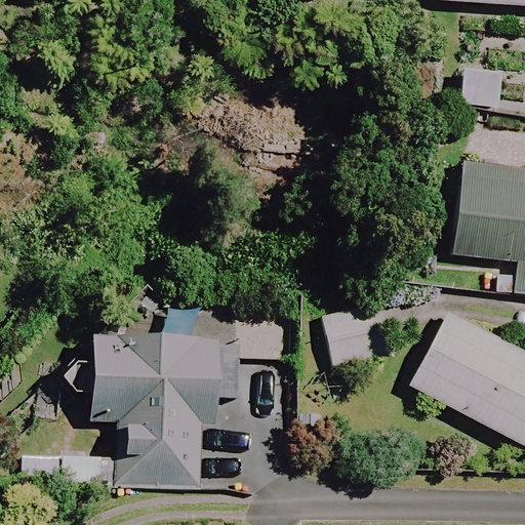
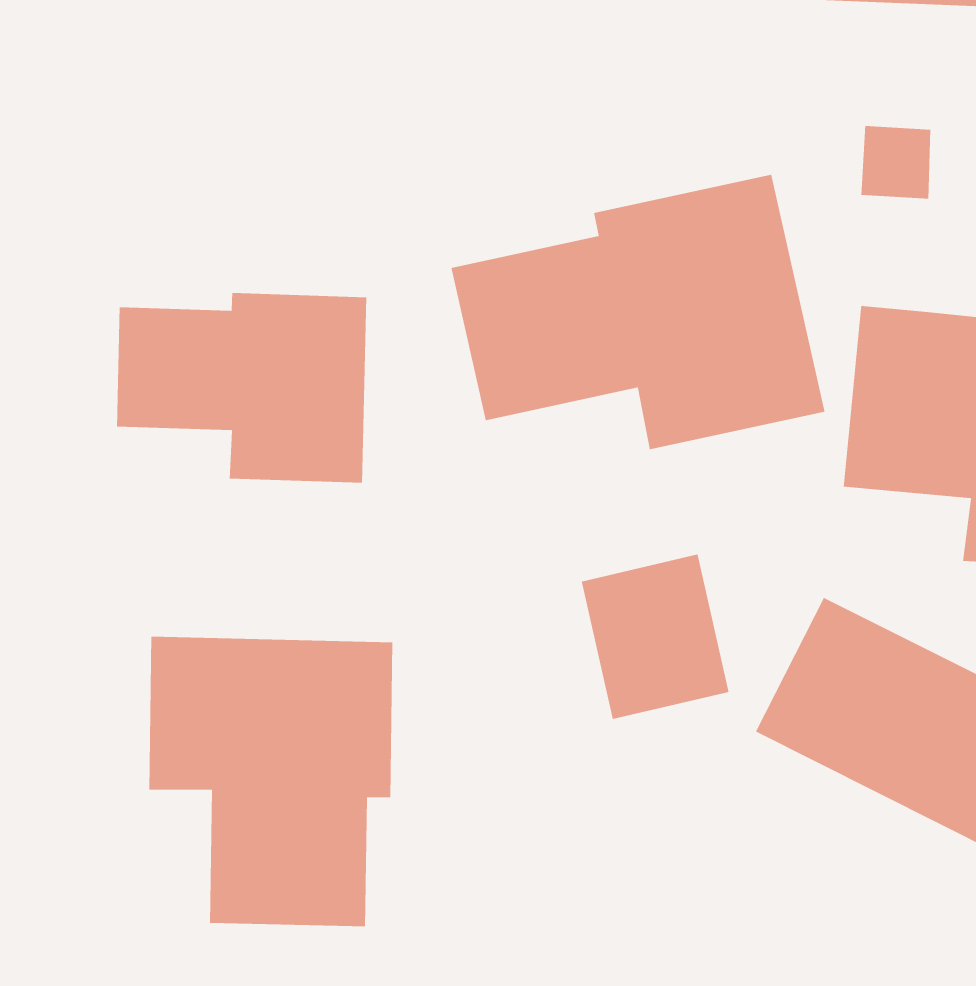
building: none -> [451,174,826,450]
building: none -> [116,292,367,484]

